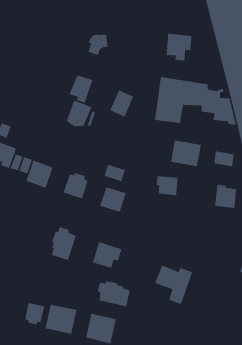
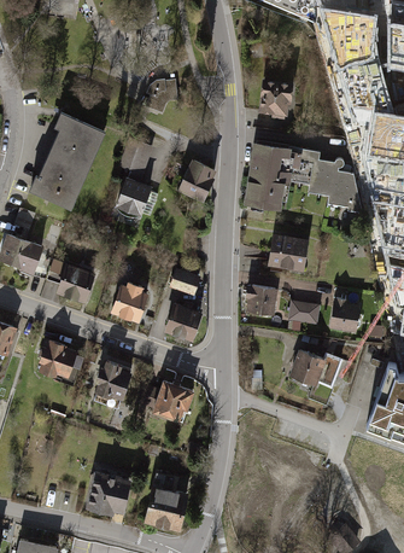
building: none -> [29,111,106,206]
building: [214,150,234,167] -> [289,301,320,325]
building: none -> [39,338,86,380]
building: [154,264,193,305] -> [289,349,346,408]
building: [97,280,131,307] -> none
building: [24,302,45,325] -> none

